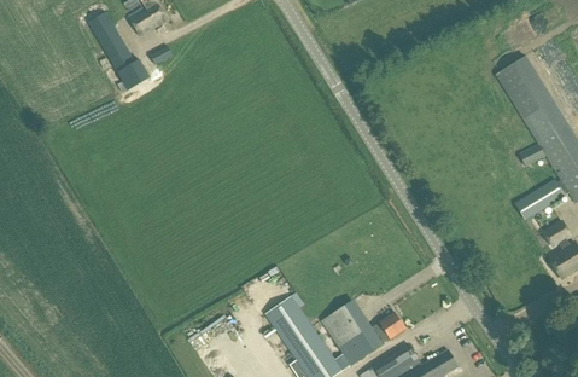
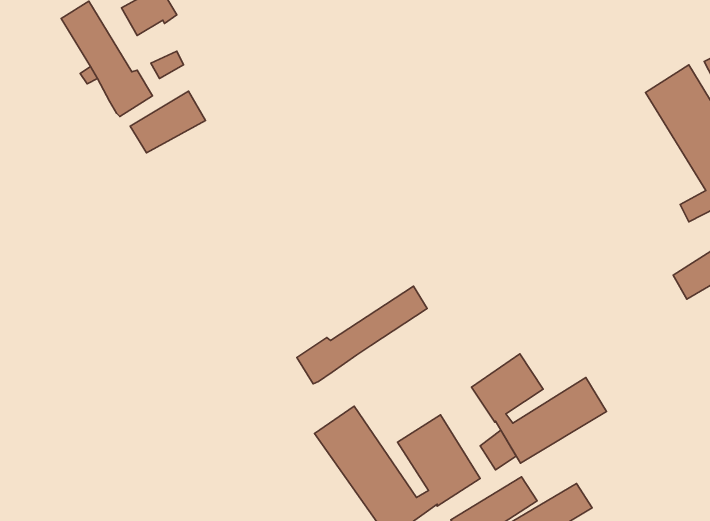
building: none -> [130,91,206,153]
building: none -> [297,286,427,384]
building: none -> [472,354,607,463]

